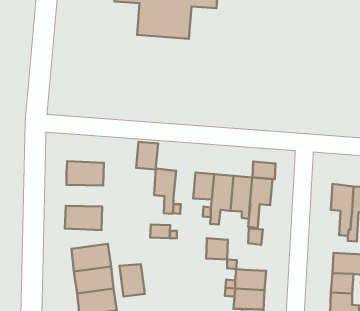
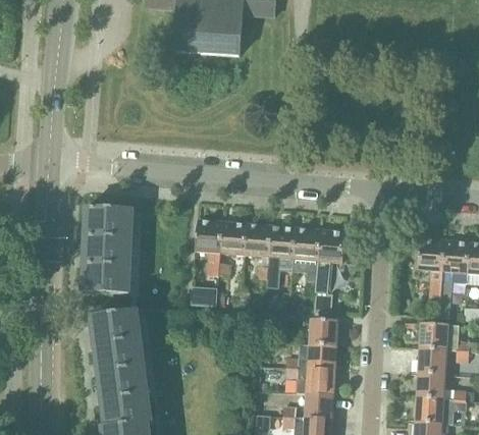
building: [136,142,158,169] -> [220,221,248,256]
building: [253,162,275,179] -> none
building: none -> [85,238,131,266]
building: [206,238,228,259] -> [310,320,337,346]
building: [120,264,145,297] -> none

